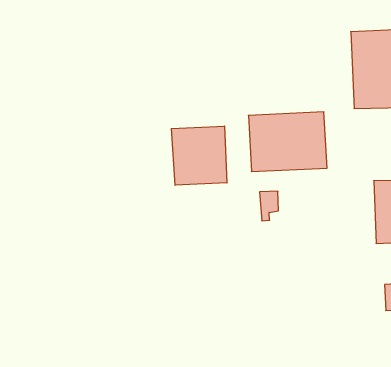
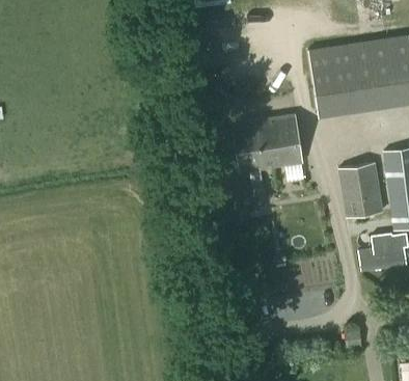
building: [171,126,227,185] -> none

